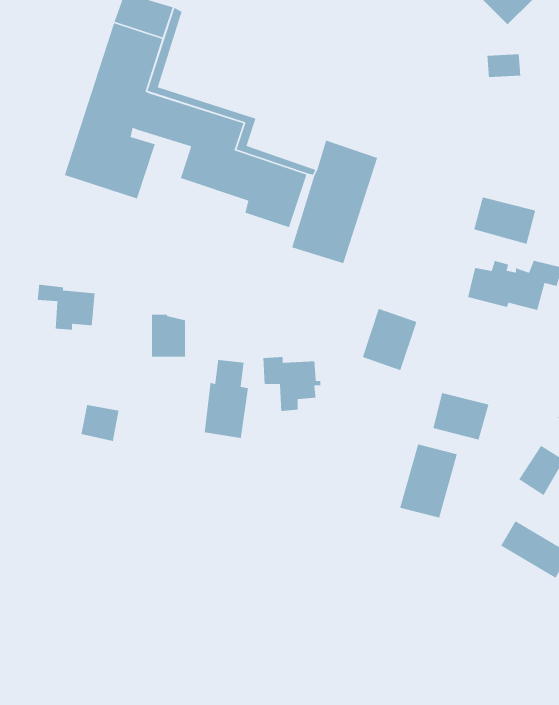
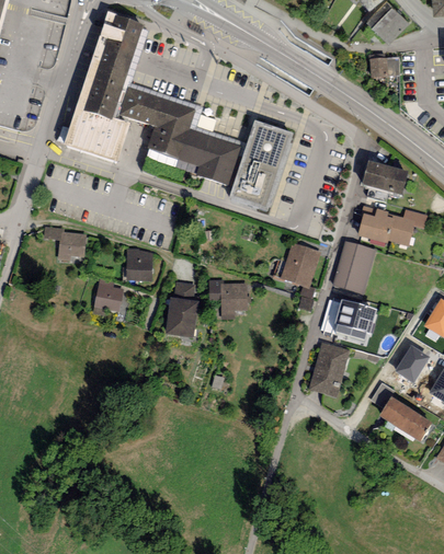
building: none -> [332,240,377,295]
building: [81,404,120,442] -> [95,286,124,313]

